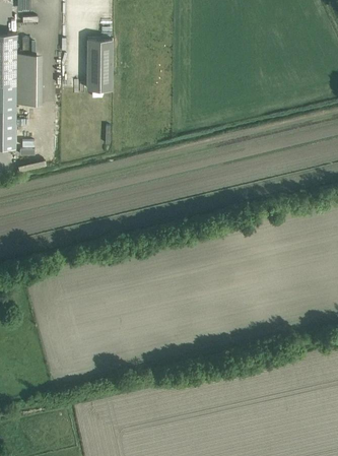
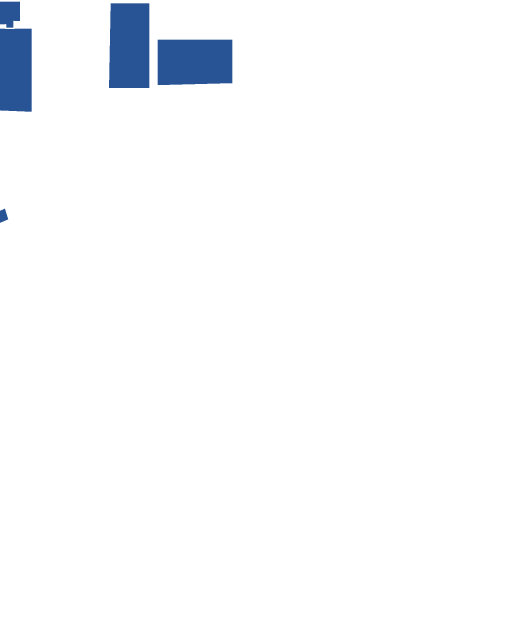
building: none -> [157,39,233,86]

